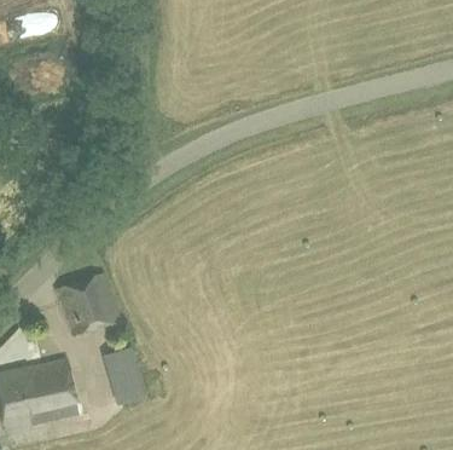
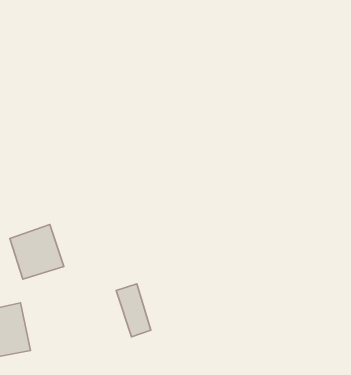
building: [105,341,144,400] -> [116,284,151,337]

